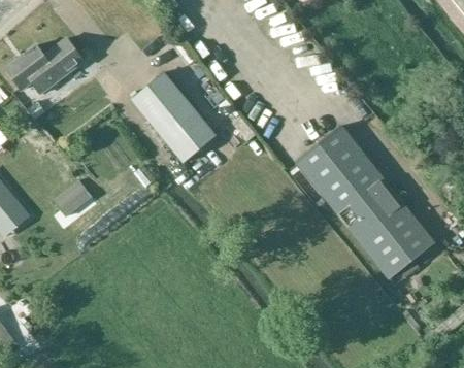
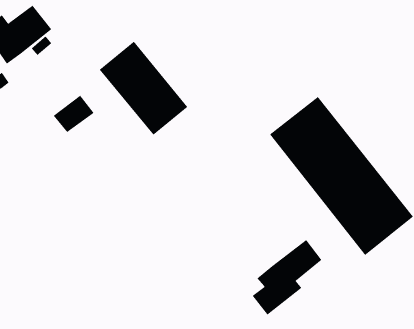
building: [52,180,92,218] -> [53,95,94,133]
building: none -> [252,239,322,316]

